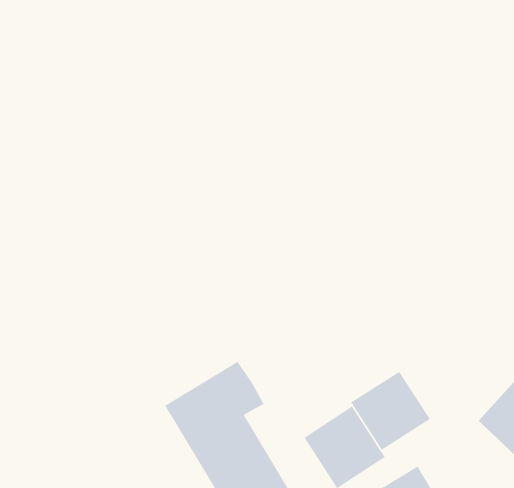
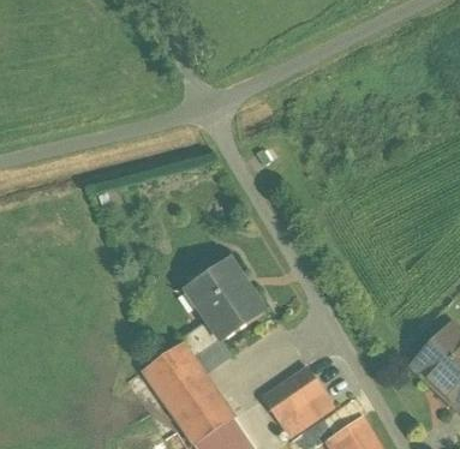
building: none -> [185,259,264,342]
building: [350,371,431,451] -> none

